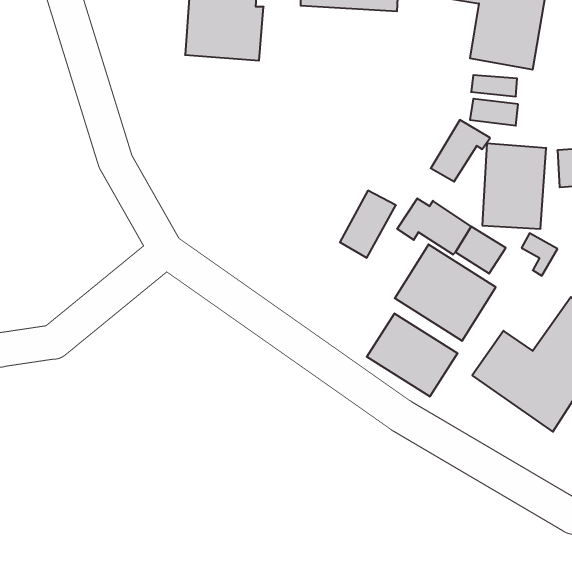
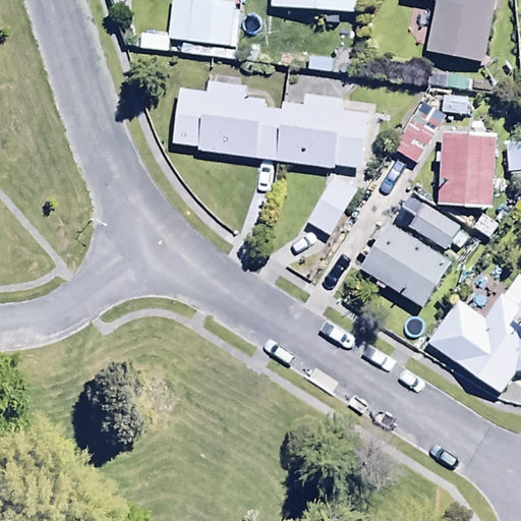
building: none -> [172,76,372,168]
building: [367,313,458,397] -> none

